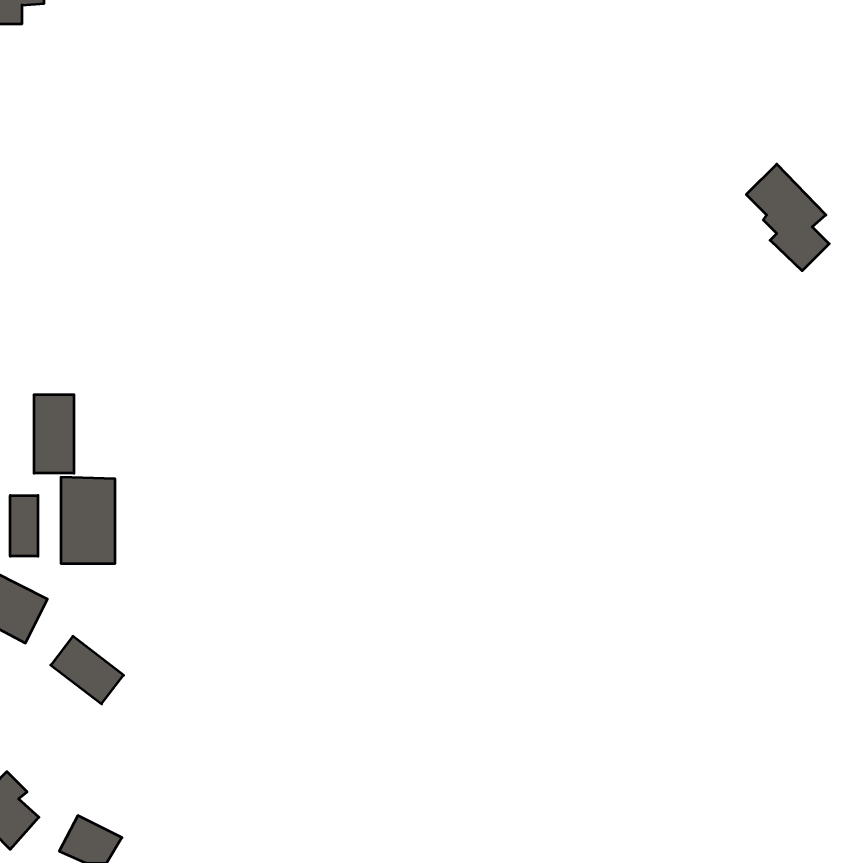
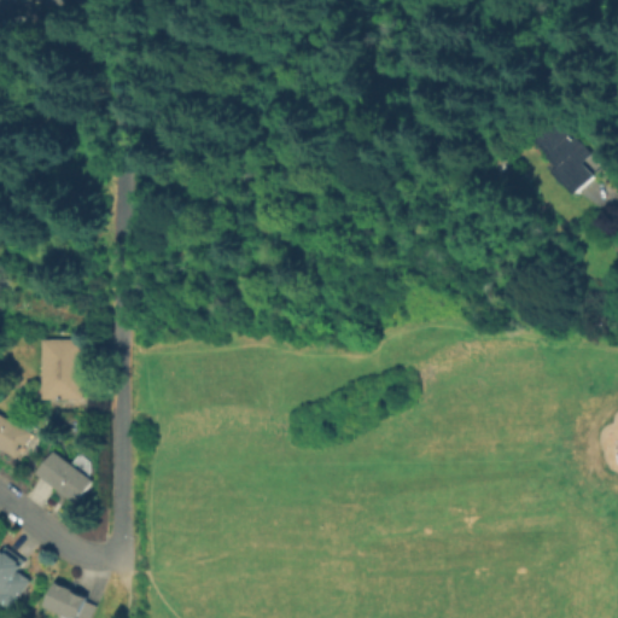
building: [34,395,74,473] -> none
building: [10,495,38,556] -> none

